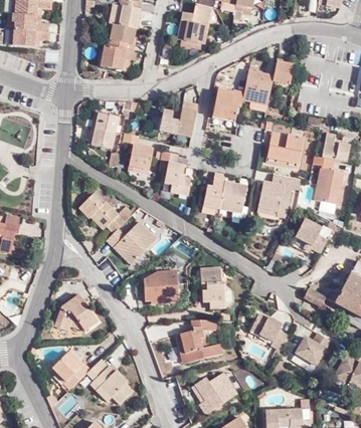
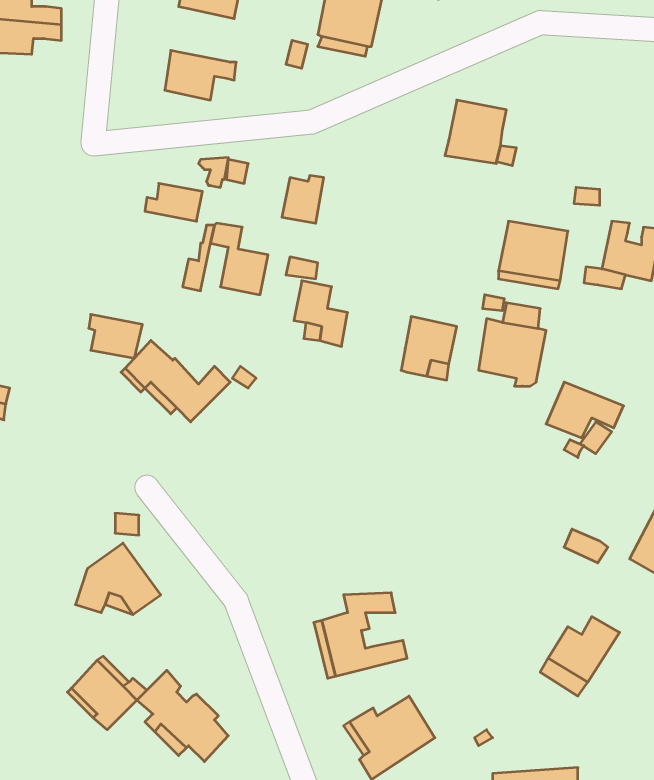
building: [109,24,136,51] -> none
building: [272,58,294,86] -> none
building: [213,88,244,119] -> none
building: [177,100,199,136] -> none
building: [89,127,117,149] -> [89,314,142,358]
building: [314,167,340,203] -> none
building: [202,171,227,214] -> none
building: [107,221,157,264] -> none
building: [144,271,179,303] -> none
building: [201,272,226,308] -> none
building: [248,313,287,352] -> none

